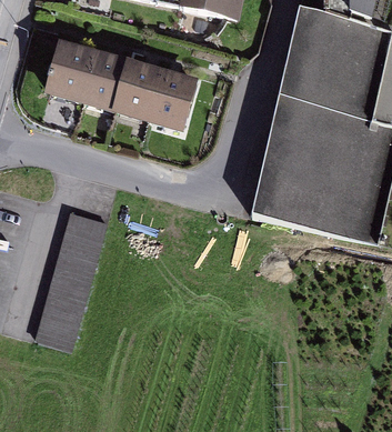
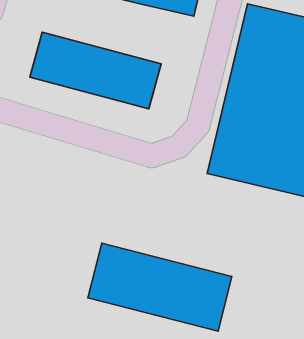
building: [34,212,104,356] -> none
building: none -> [88,243,232,331]

